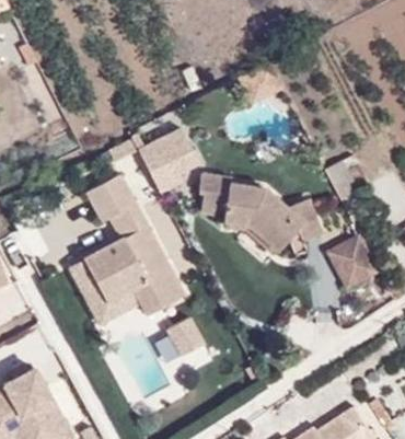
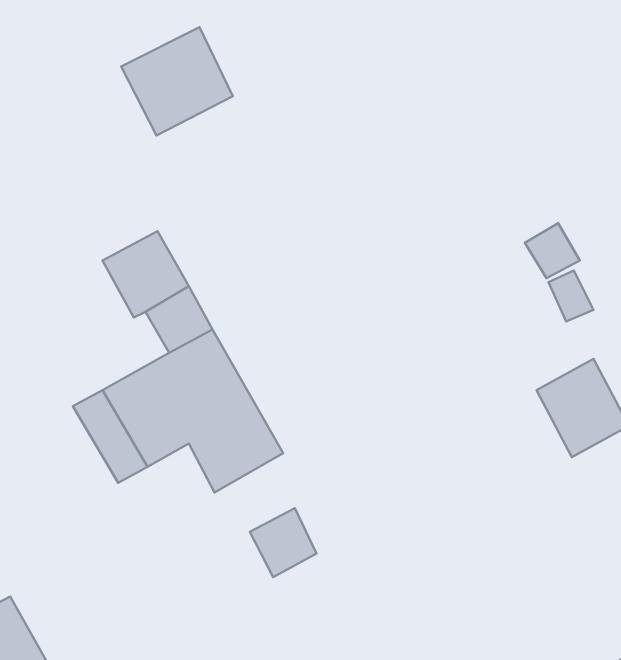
building: [135,128,197,188] -> [121,27,233,135]
building: [198,173,320,249] -> none

